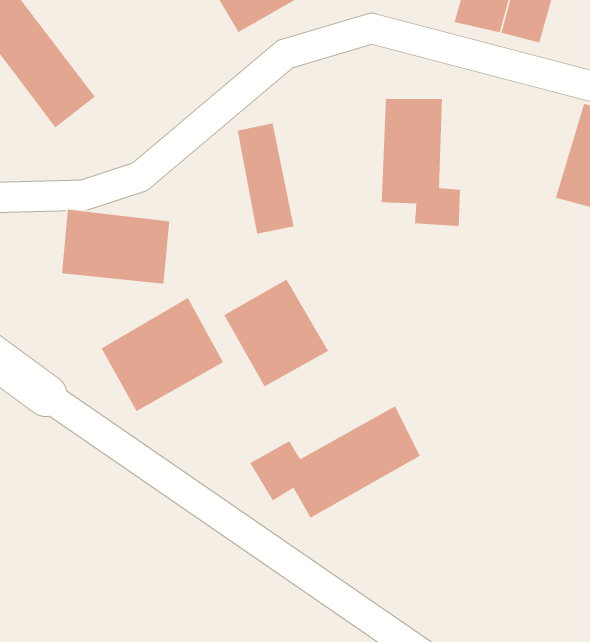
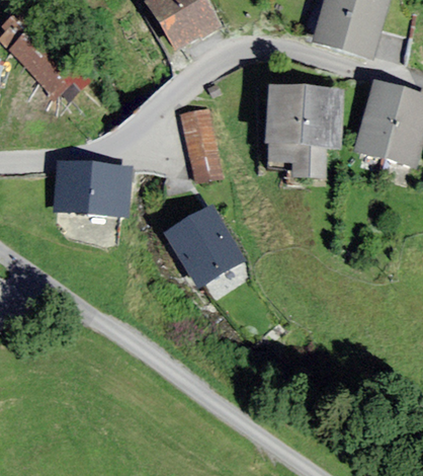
building: none -> [354,81,406,155]
building: none -> [310,88,346,149]
building: [101,297,224,412] -> none
building: [249,405,421,519] -> none

